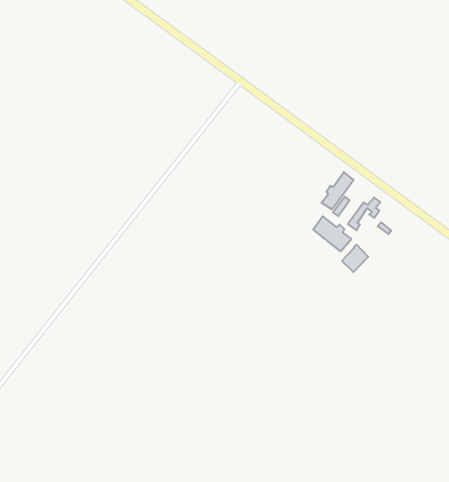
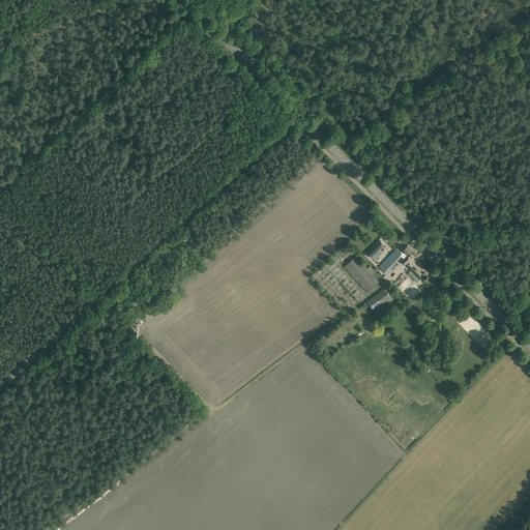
building: [321,172,354,210] -> none

